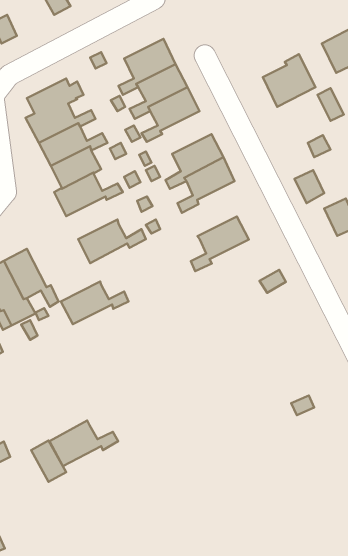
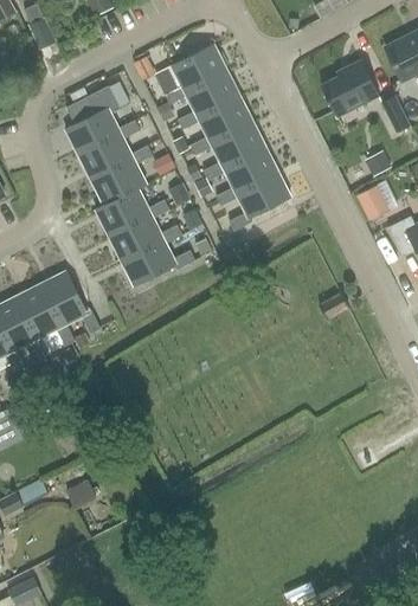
building: [191,216,249,271] -> [204,121,266,180]
building: [61,282,129,324] -> [109,213,182,259]
building: [50,420,118,466] -> none

